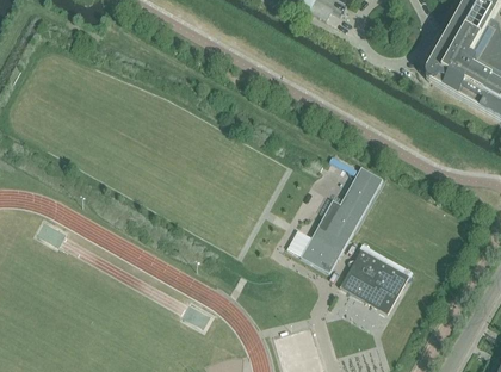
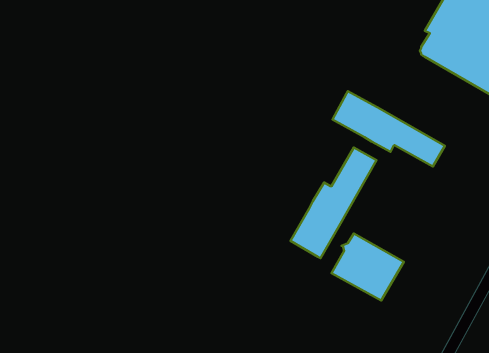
building: none -> [332,91,445,166]

